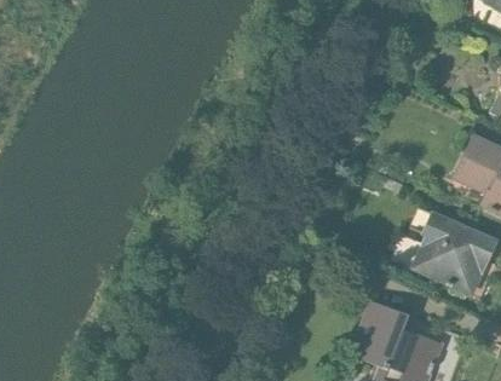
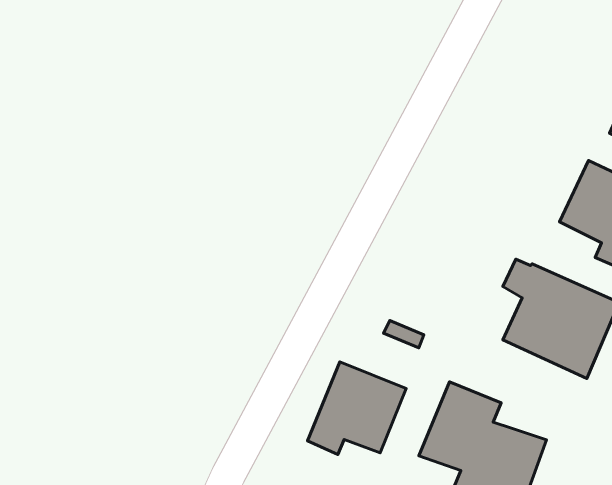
building: none -> [308,362,406,455]

